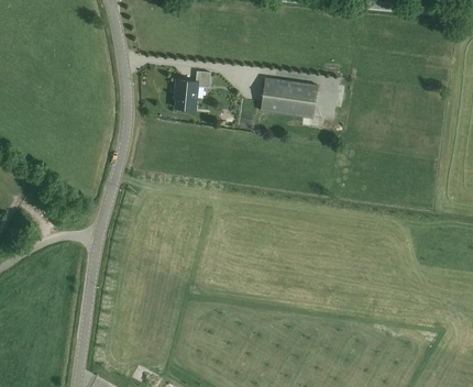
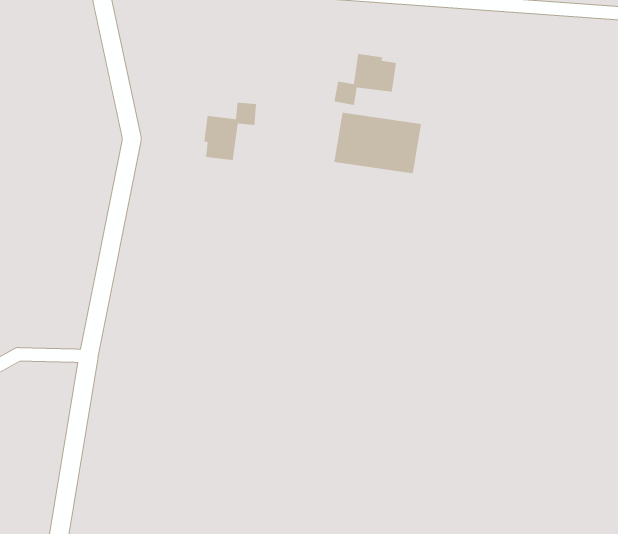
building: none -> [334,53,397,106]

